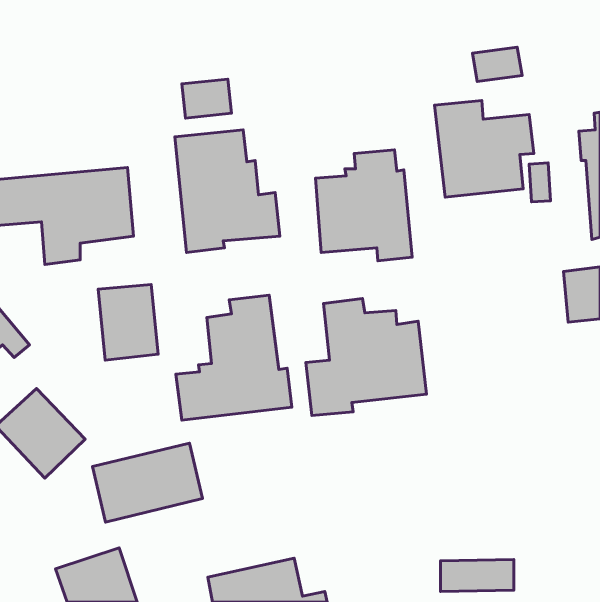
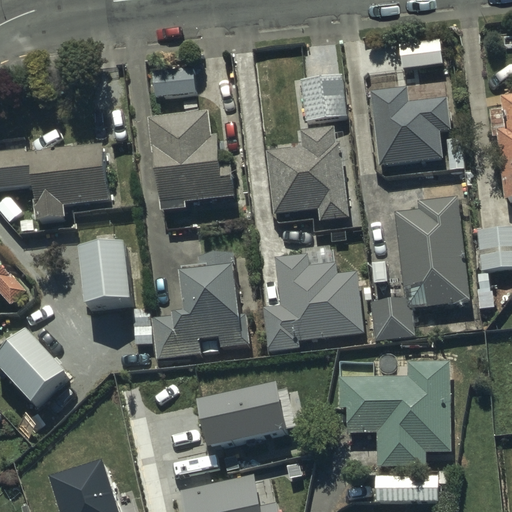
building: none -> [300,75,348,124]
building: none -> [368,196,471,343]
building: none -> [336,359,449,465]
building: [93,443,202,522] -> [195,383,288,450]

